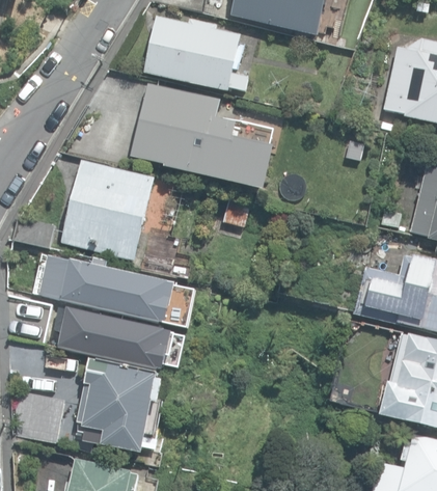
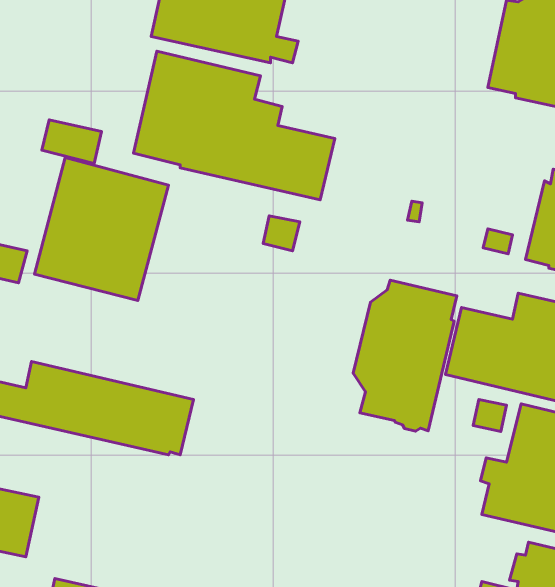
building: none -> [353,280,457,431]
building: [40,255,175,322] -> none
building: [76,358,162,452] -> none

